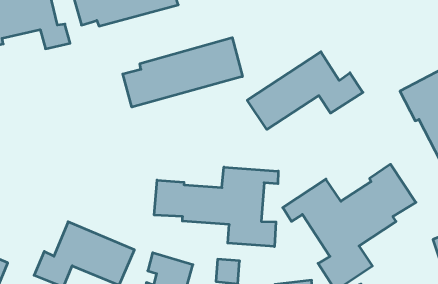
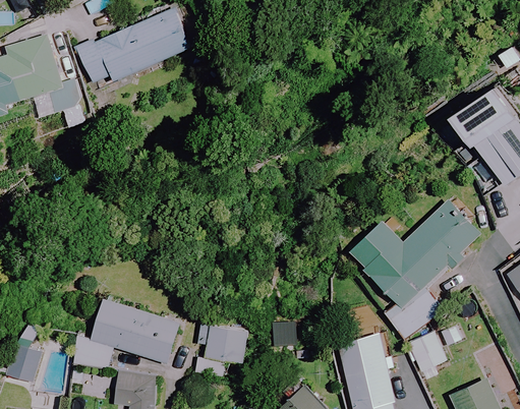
building: [123,38,242,107] -> none
building: [247,52,363,129] -> none
building: [154,167,278,247] -> none

